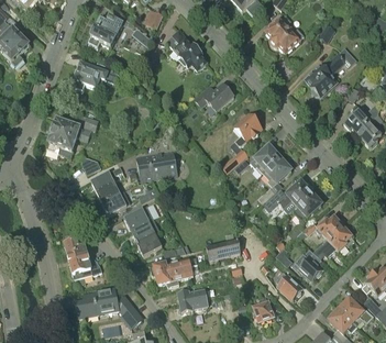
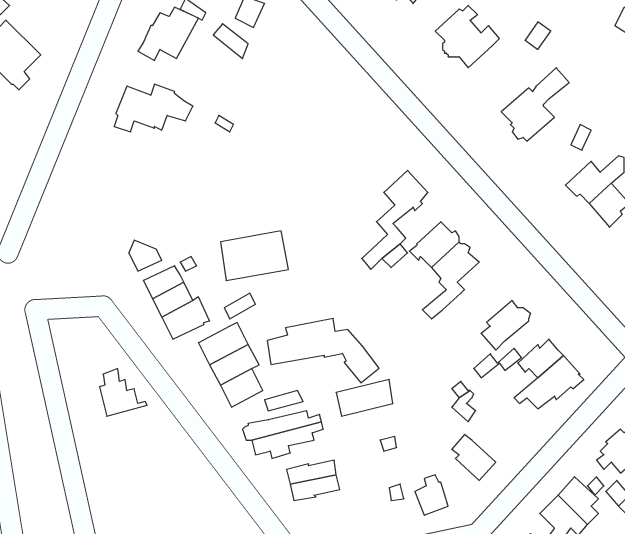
building: [166,29,206,68] -> none
building: [195,82,233,110] -> none
building: [46,113,98,156] -> none
building: [269,180,311,212] -> none
building: [293,247,322,279] -> none
building: [68,254,101,278] -> none
building: [75,288,142,327] -> [267,319,379,383]

